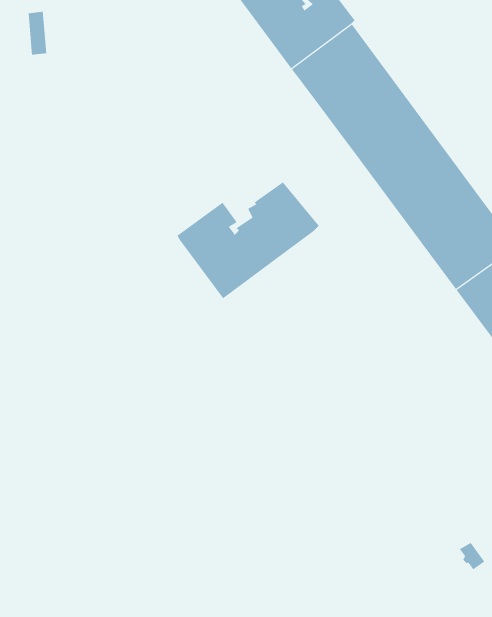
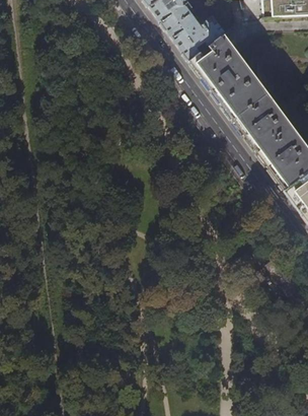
building: [177,181,319,299] -> none

